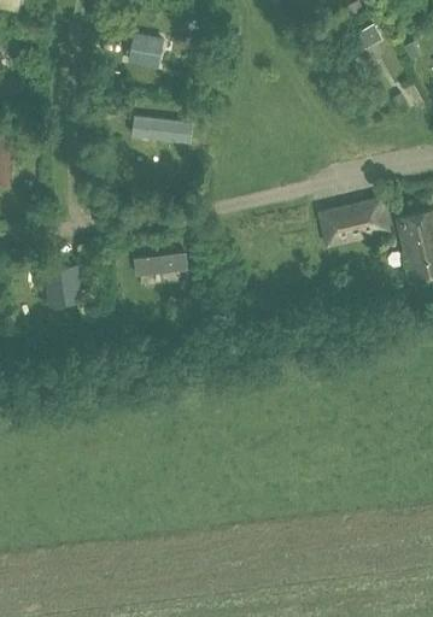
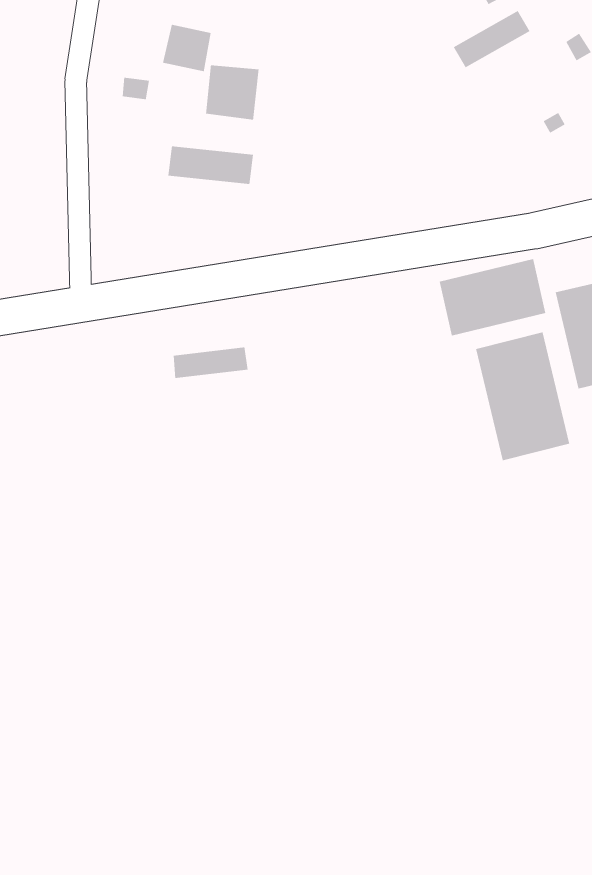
building: none -> [206,65,259,120]
building: none -> [475,331,570,461]
building: [42,264,83,307] -> none

